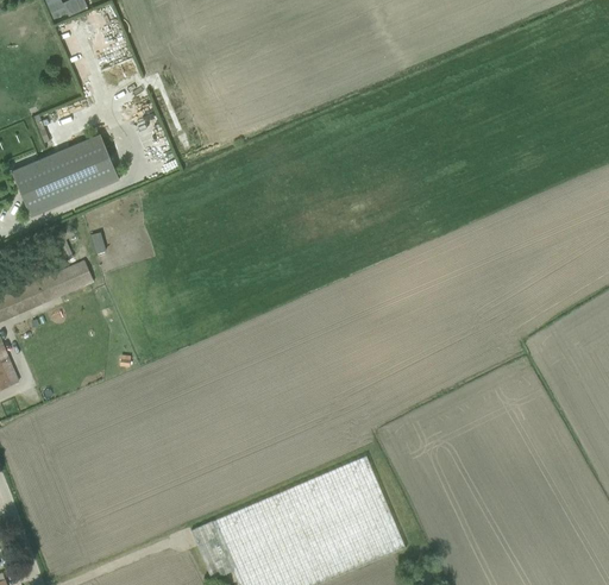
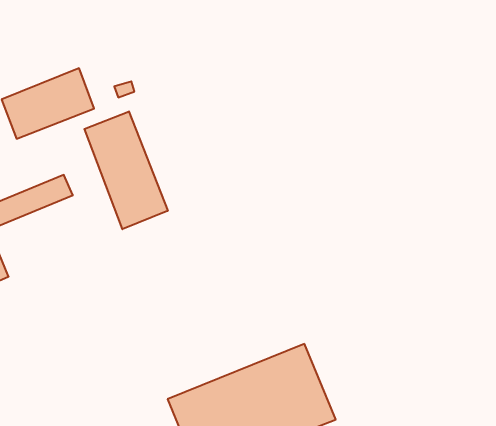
building: none -> [84,111,168,229]

